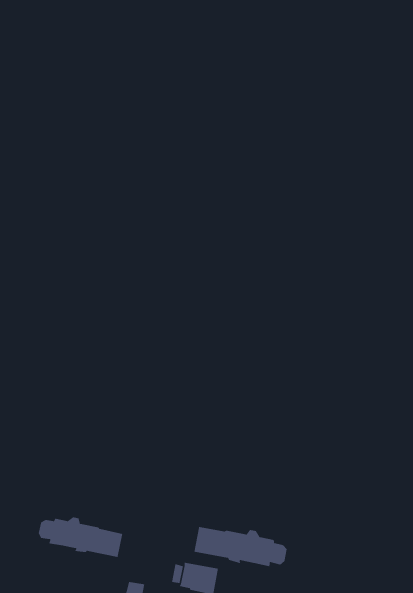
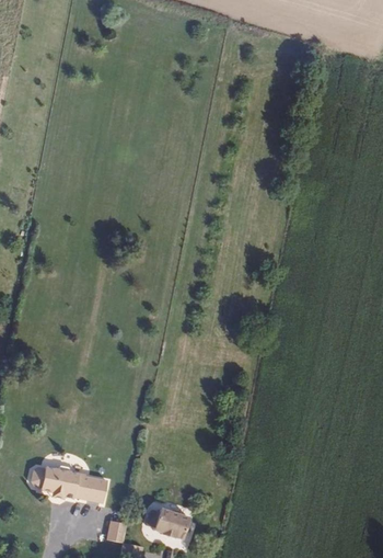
building: [193,526,287,567] -> none

